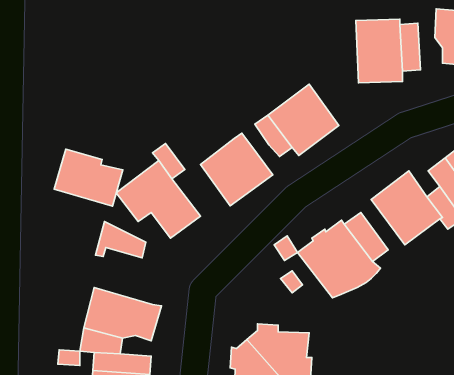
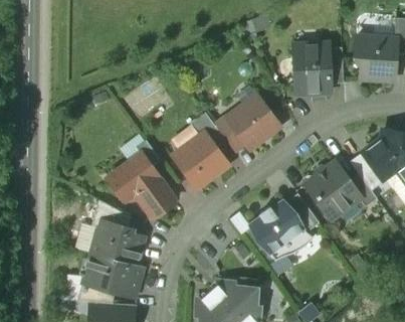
building: none -> [190,113,226,149]
building: [54,149,123,206] -> [90,221,144,266]

